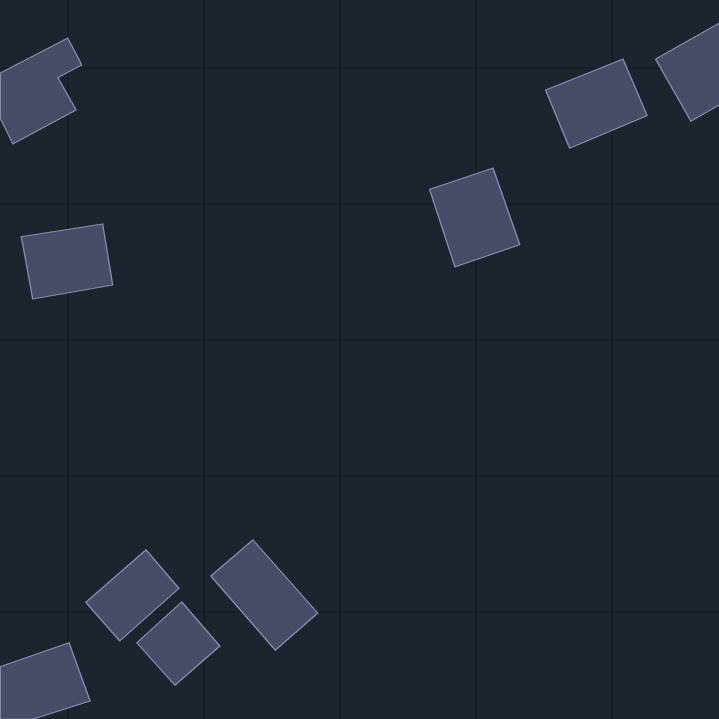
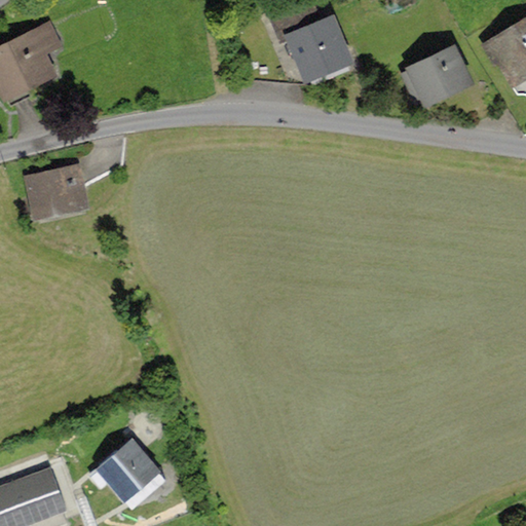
building: [430,168,520,267] -> [283,13,348,85]
building: [211,540,318,650] -> none
building: [86,550,179,641] -> none

